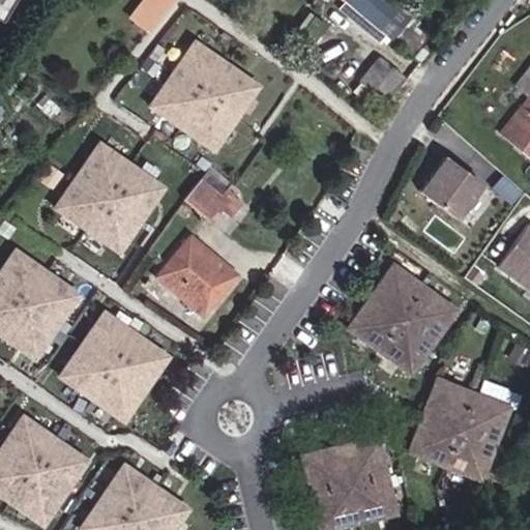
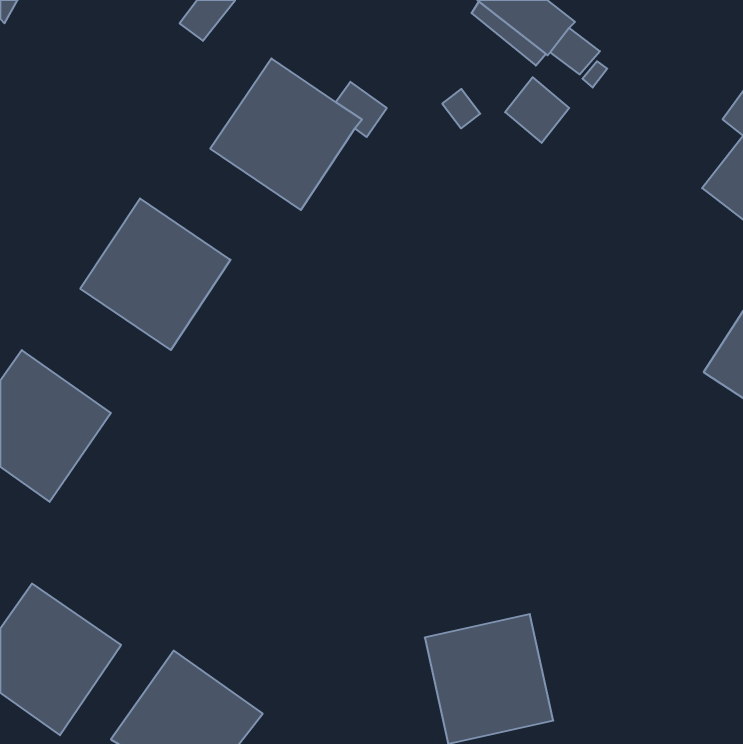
building: [418,159,479,220] -> none
building: [184,168,246,223] -> none
building: [159,238,236,314] -> none
building: [349,265,457,373] -> none
building: [62,312,170,419] -> none
building: [411,378,511,478] -> none

